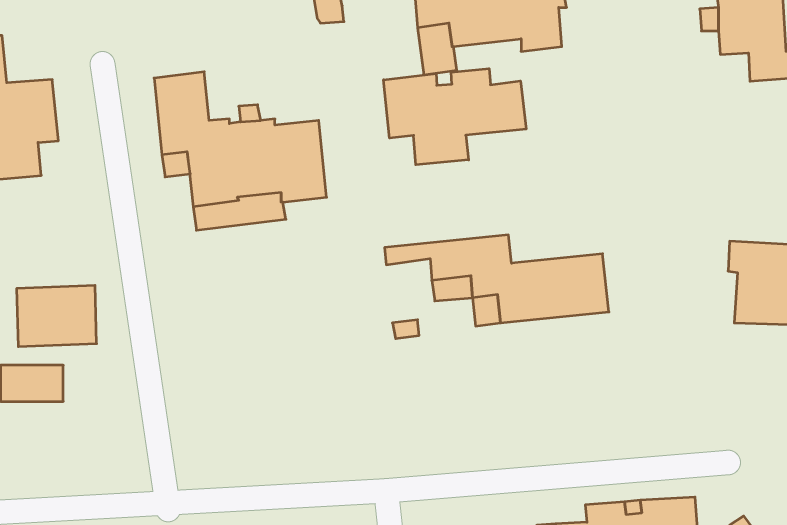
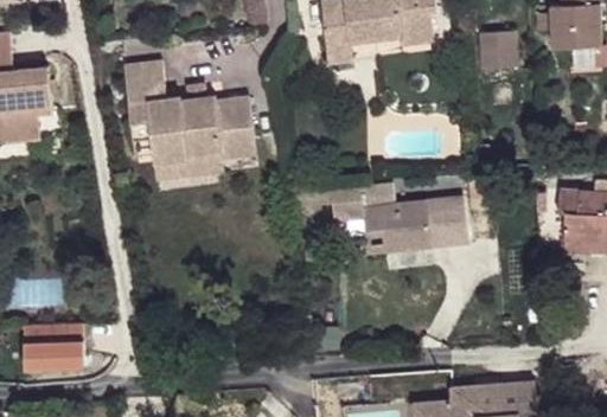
building: none -> [480,31,518,68]
building: [384,69,526,165] -> none
building: [17,285,97,347] -> [24,322,84,368]

